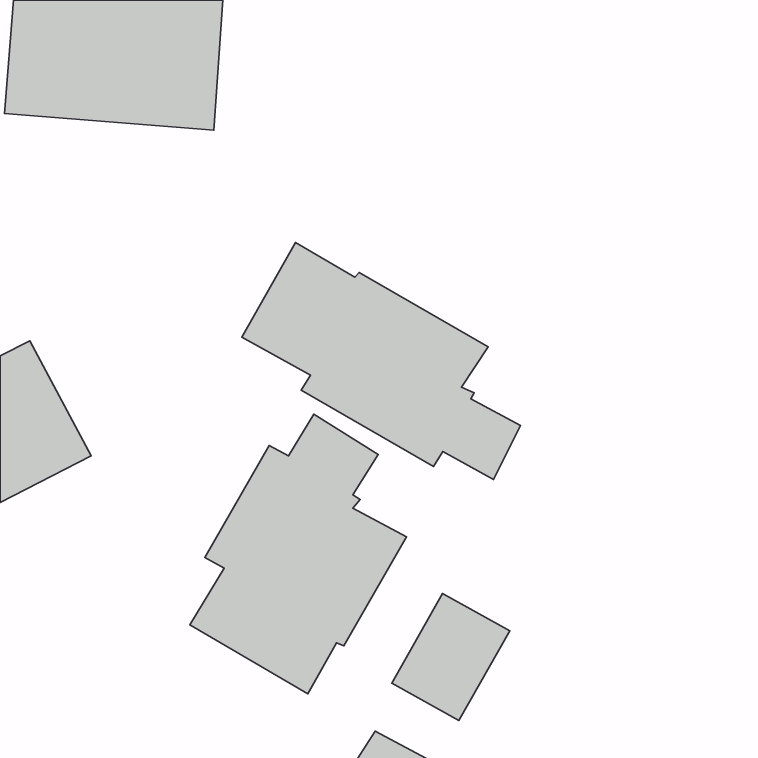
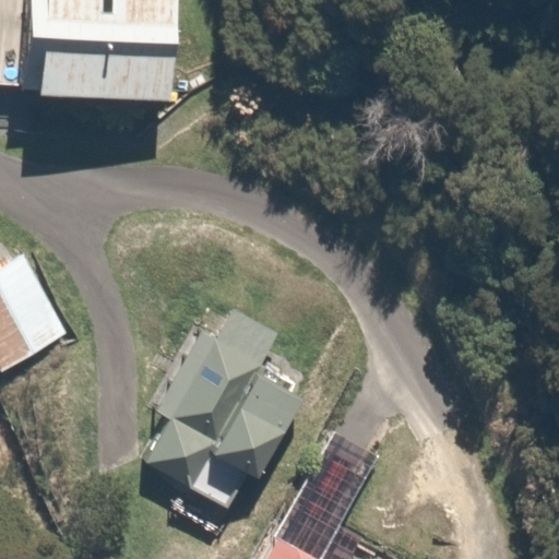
building: [242,243,520,480] -> none

